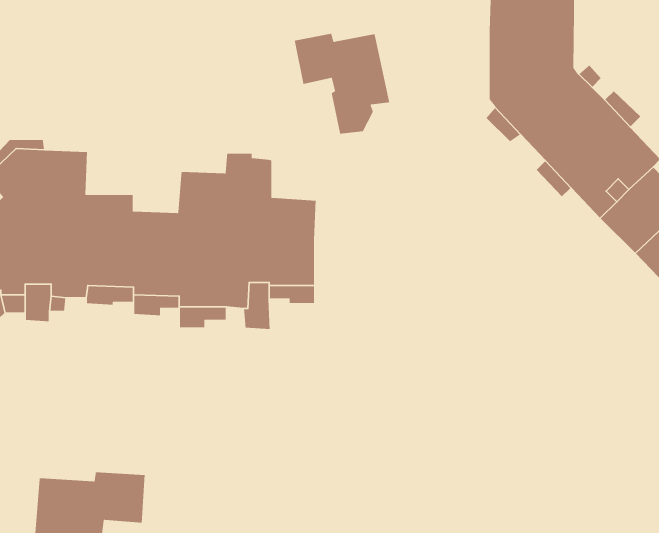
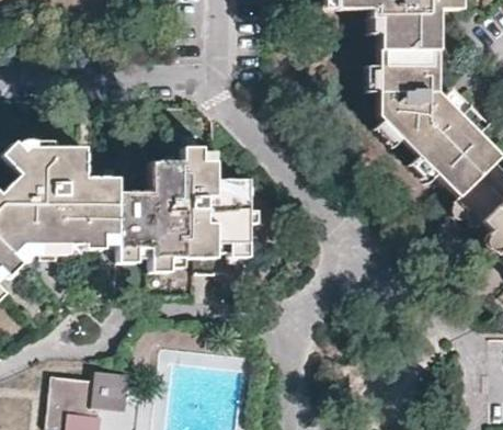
building: [294,33,390,135] -> none

